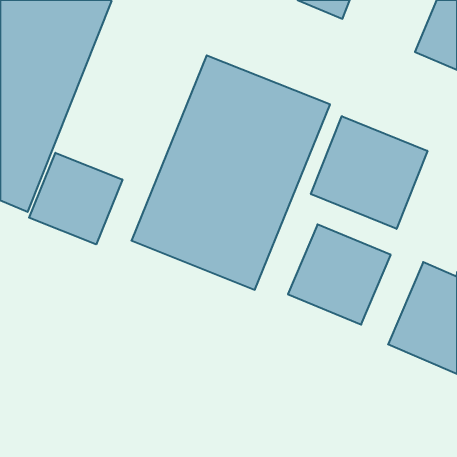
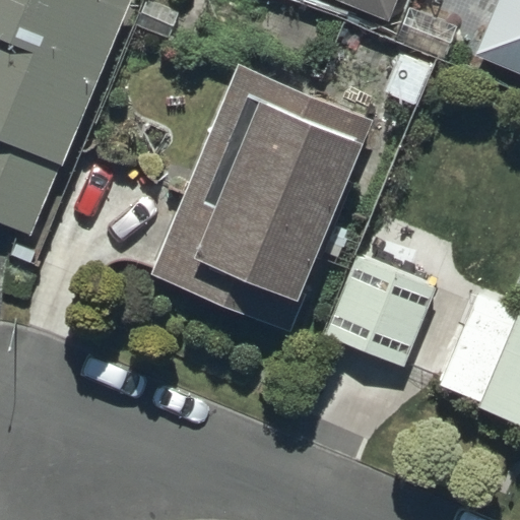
building: [311,116,427,229] -> none
building: [29,153,122,244] -> none

